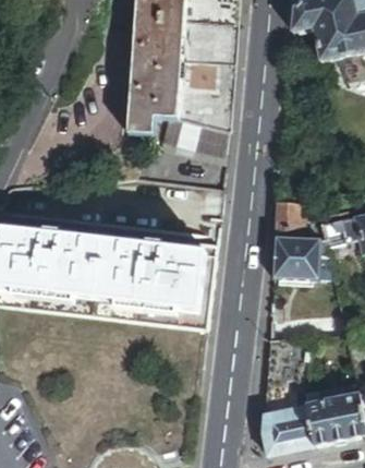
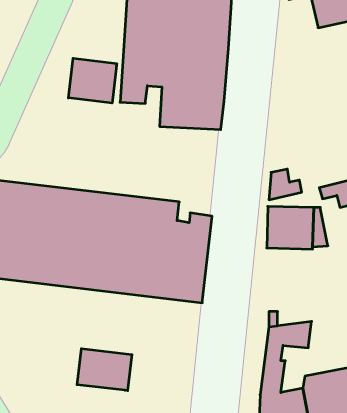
building: none -> [68,58,117,103]
building: none -> [77,349,132,391]

